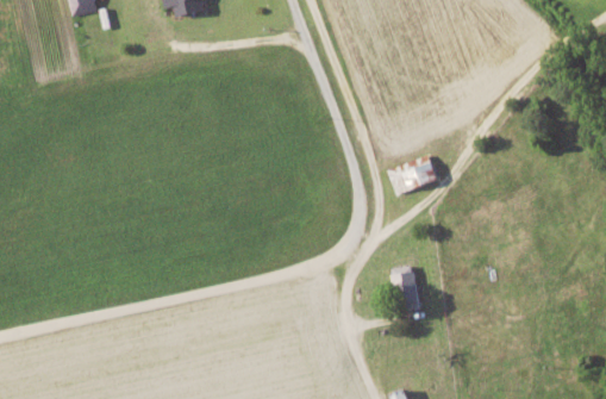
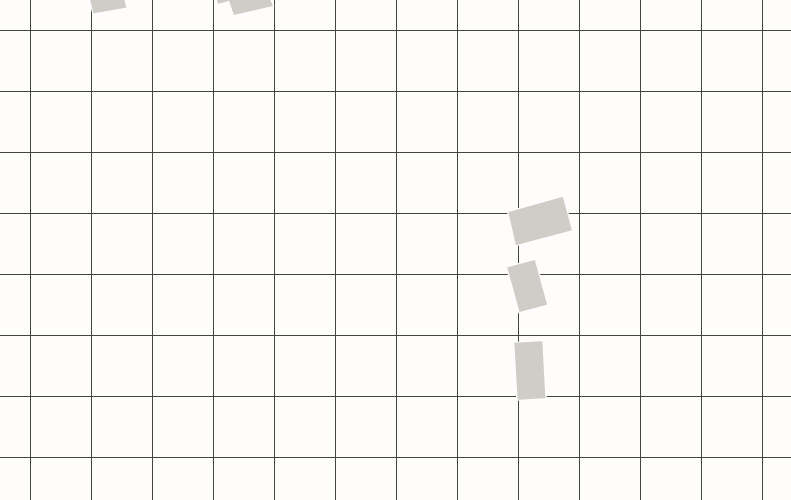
building: none -> [507,259,548,313]

